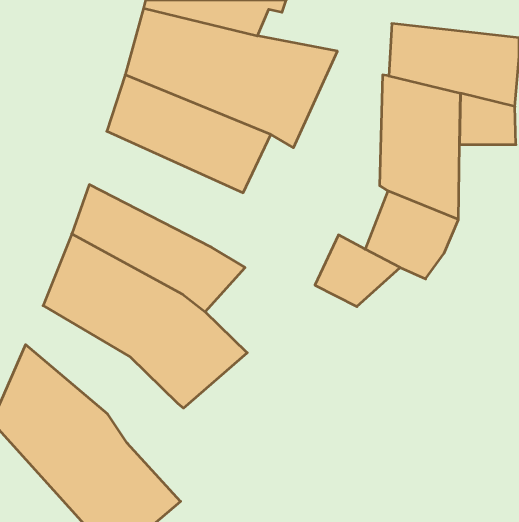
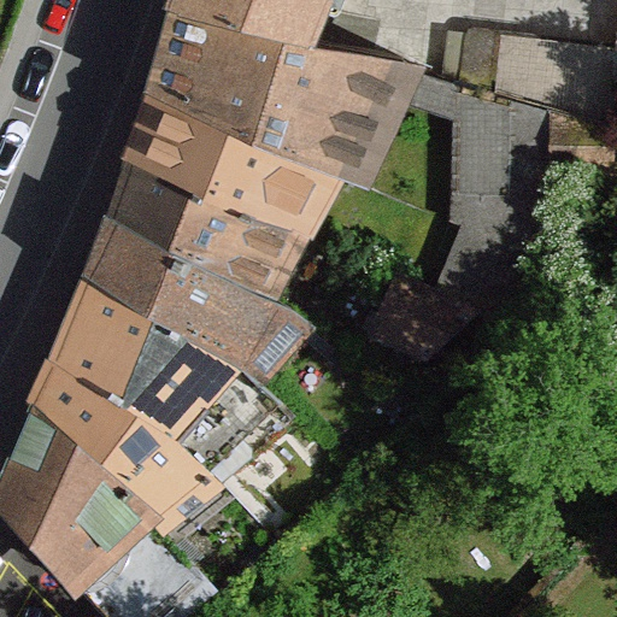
building: none -> [105,157,286,293]
building: none -> [30,362,208,523]

